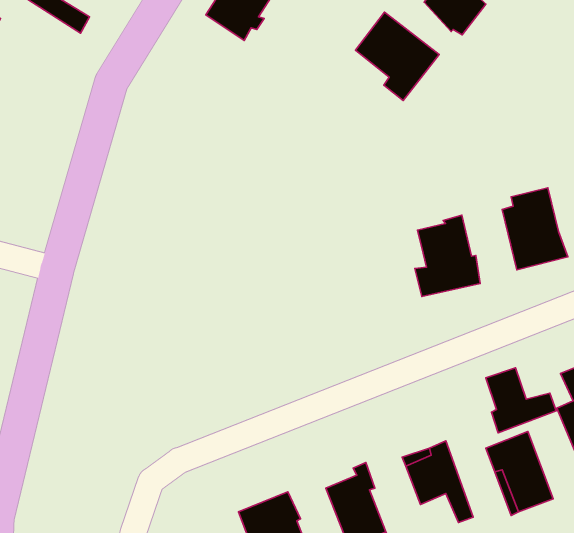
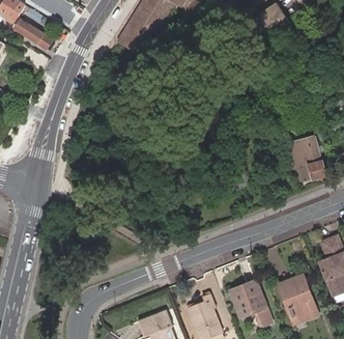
building: [355,12,439,100] -> none
building: [415,215,480,297] -> none
building: [486,368,556,433] -> none

